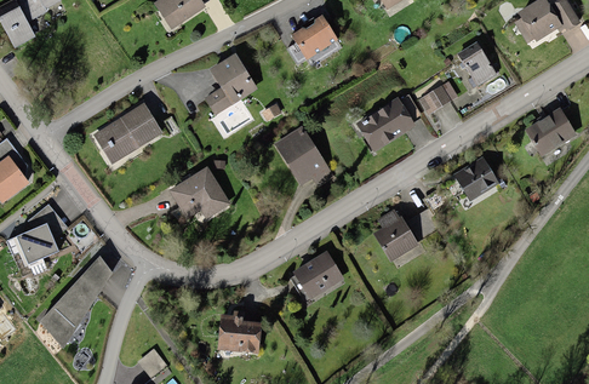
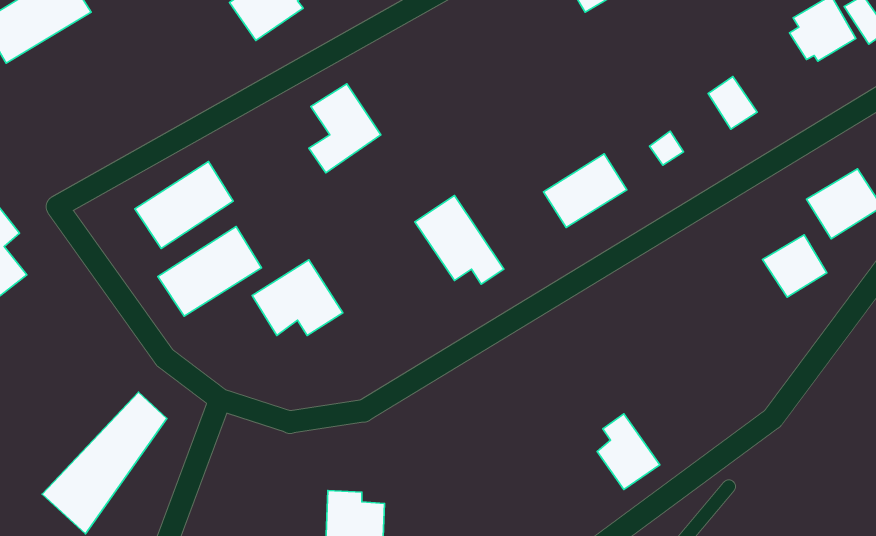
building: [291,18,334,58] -> none
building: none -> [158,226,262,316]
building: [453,159,494,199] -> [763,235,827,297]
building: [17,202,69,260] -> none
building: [374,211,414,259] -> [597,414,660,489]
building: [292,254,339,299] -> none

